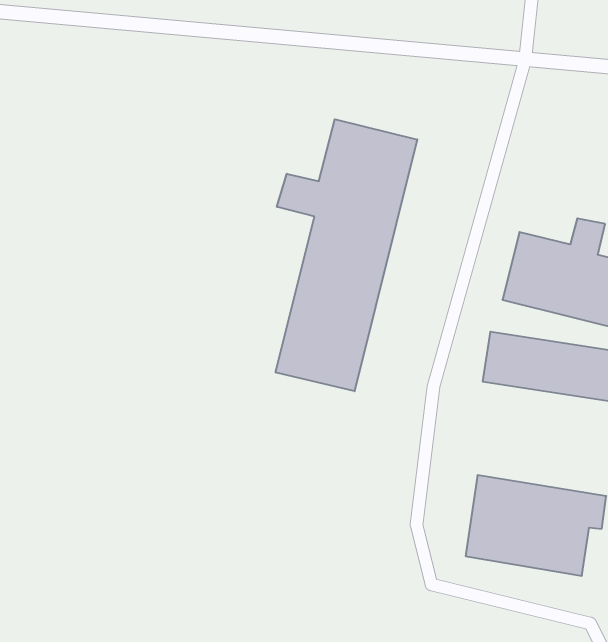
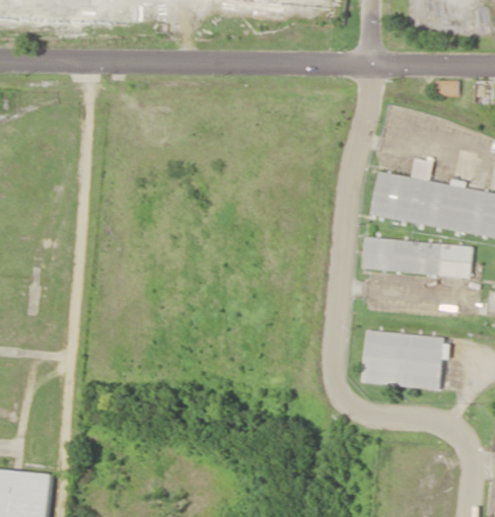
building: [276,119,417,391] -> none

